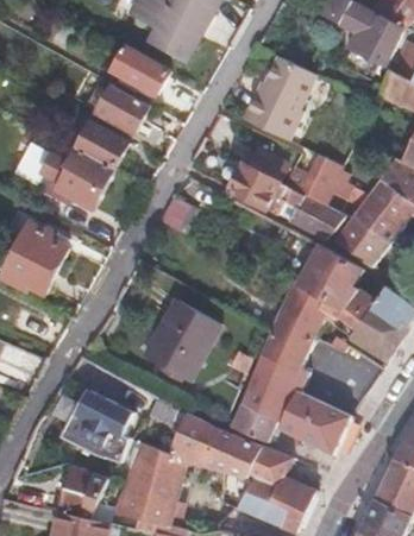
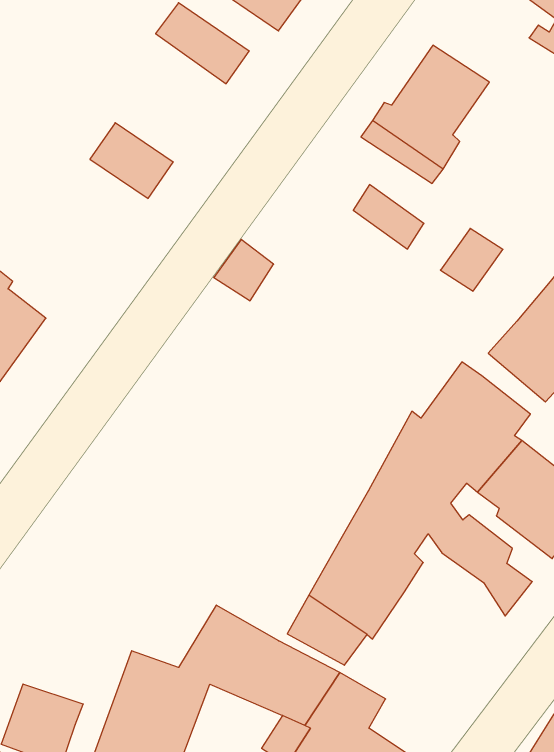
building: [99,87,149,131] -> none
building: [36,147,115,210] -> none
building: [226,162,277,208] -> none
building: [274,188,341,238] -> none
building: [133,292,208,373] -> none
building: [61,387,134,462] -> none
building: [277,391,350,455] -> none

